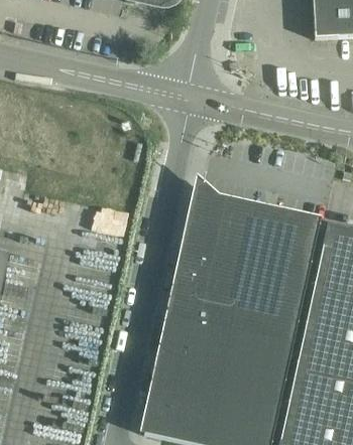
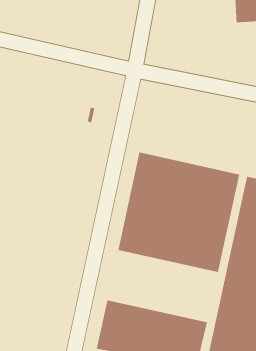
building: [156,311,292,398] -> none

